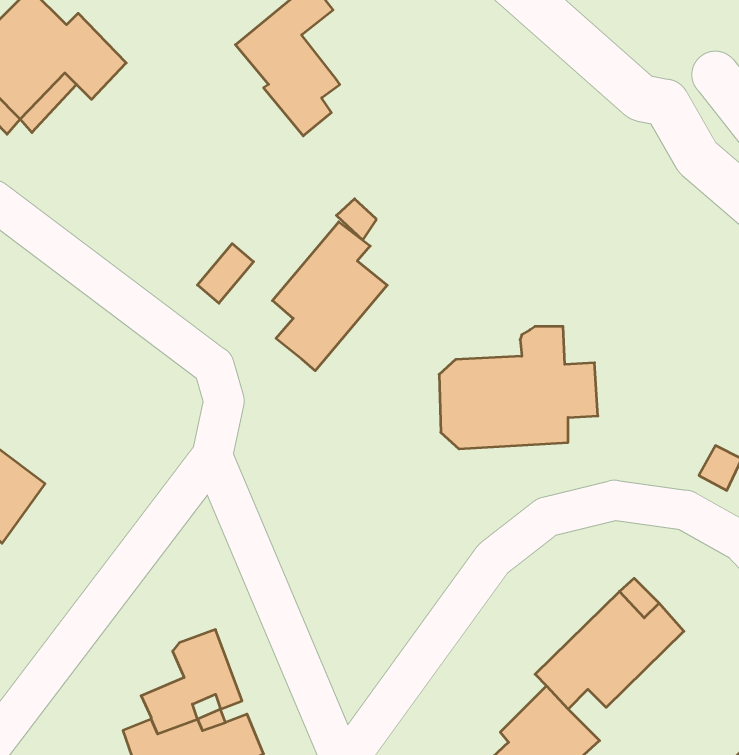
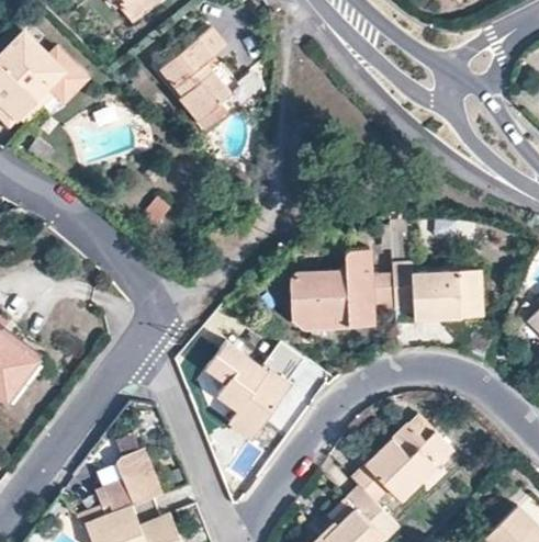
building: [272,222,387,371] -> none
building: none -> [395,264,485,319]
building: none -> [210,343,308,442]

